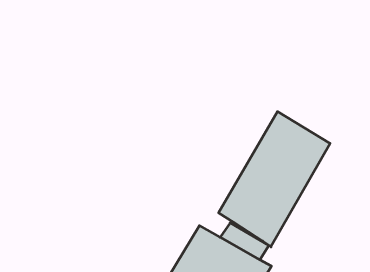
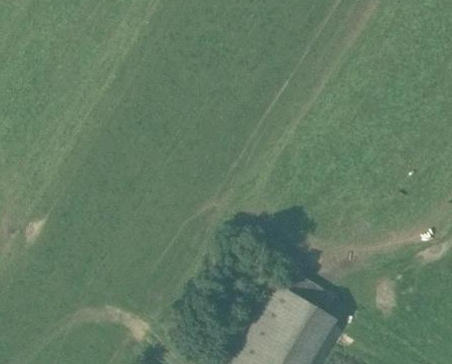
building: [219,112,330,247] -> none

